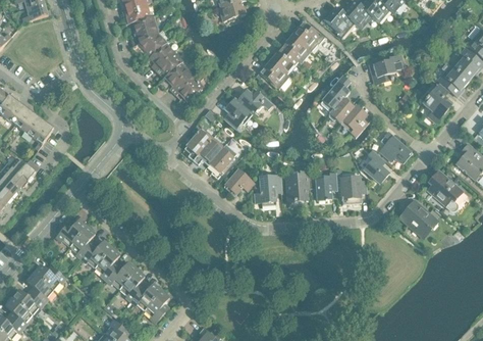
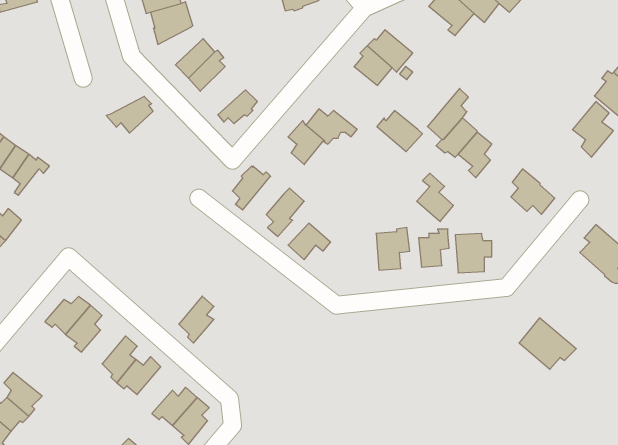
building: [291,19,324,50] -> none
building: [130,32,163,57] -> [106,96,153,133]
building: [369,54,404,84] -> none
building: [158,59,195,93] -> none
building: [258,59,289,88] -> [377,111,422,152]
building: [193,136,221,164] -> none
building: [363,149,388,183] -> [417,173,453,222]
building: [255,174,280,202] -> none
building: [398,199,438,235] -> [519,318,576,369]
building: [81,240,111,266] -> none
building: [33,264,65,289] -> none
building: [119,269,144,301] -> [179,296,214,343]

